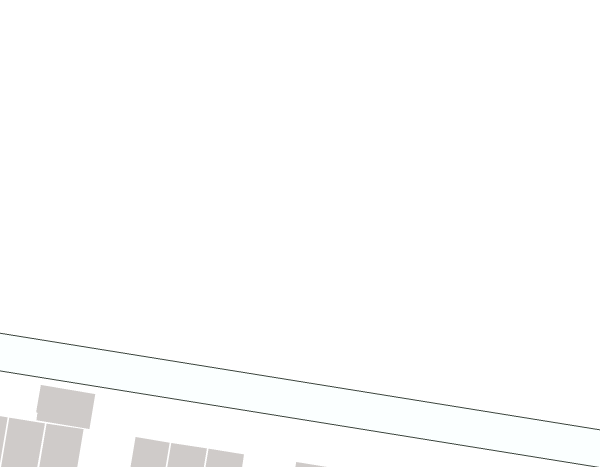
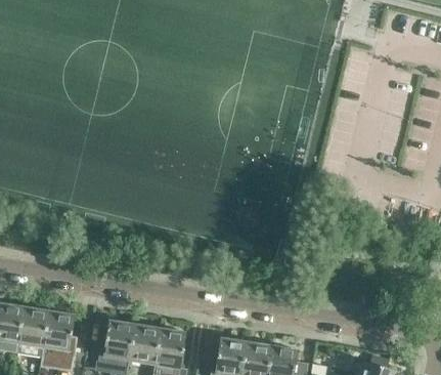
building: [36,384,96,430] -> none

